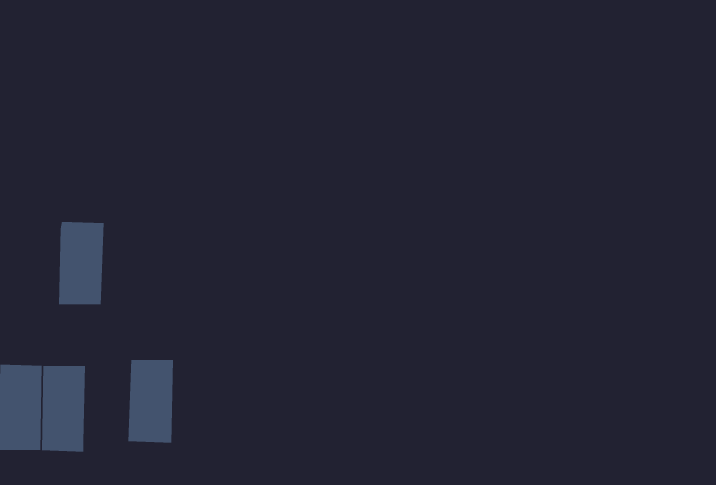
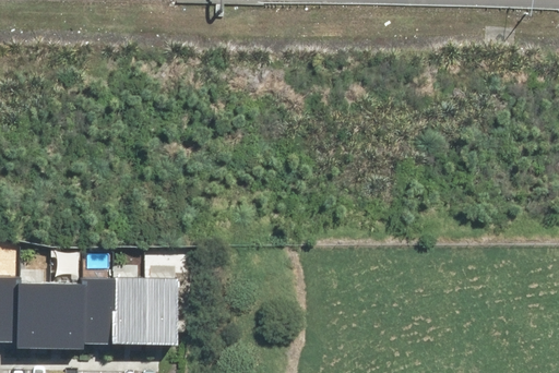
building: [58,221,105,305] -> [81,279,115,340]
building: none -> [145,280,178,342]

